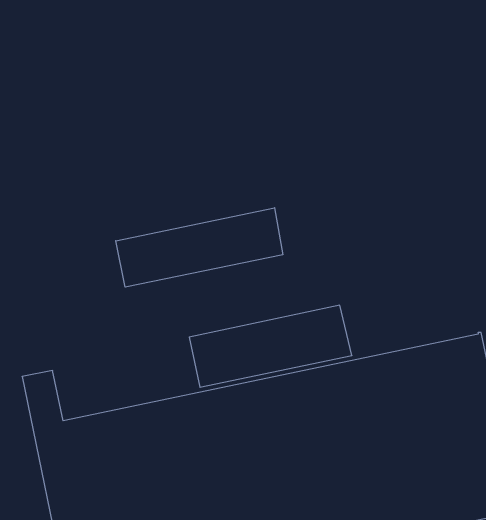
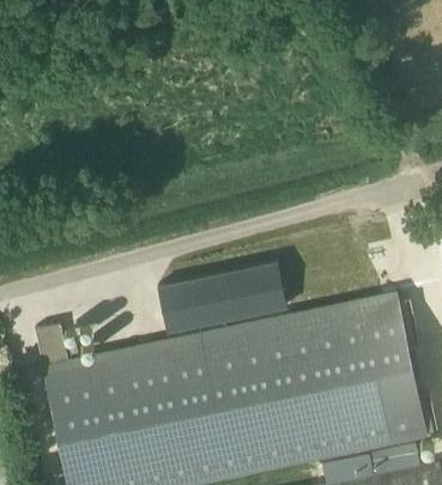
building: [116,208,283,287] -> none

